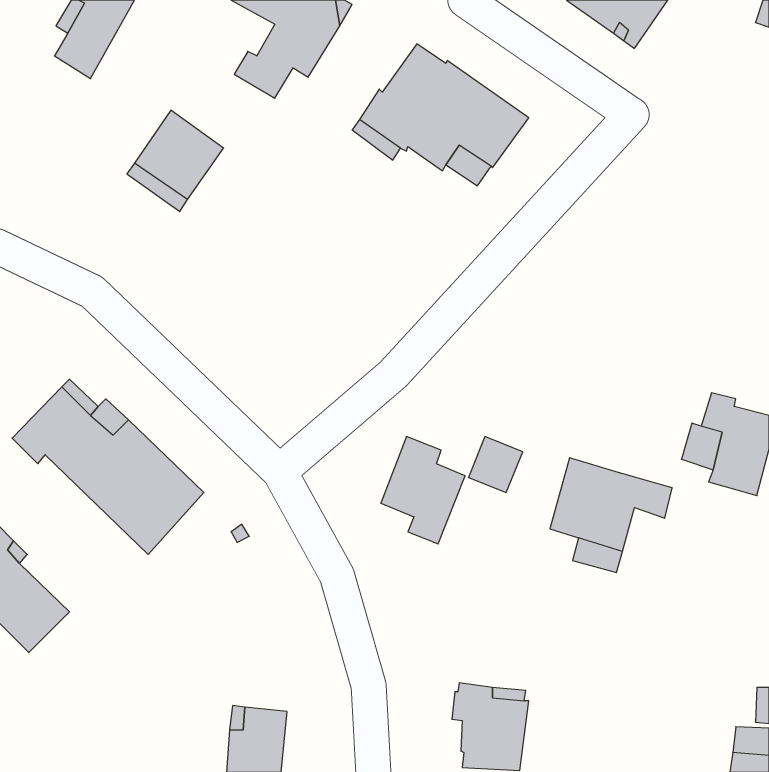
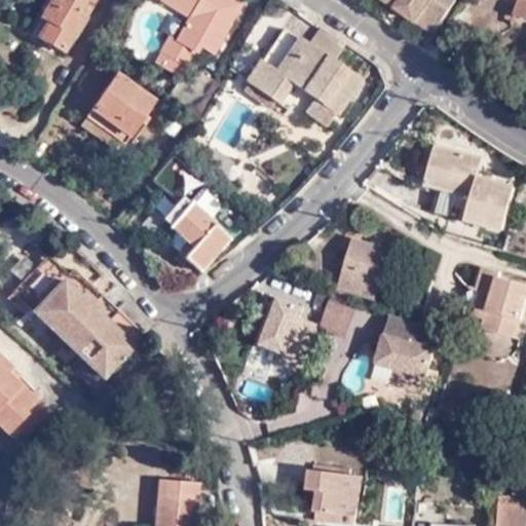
building: none -> [424,147,514,230]
building: none -> [162,197,226,271]
building: none -> [339,240,390,299]

